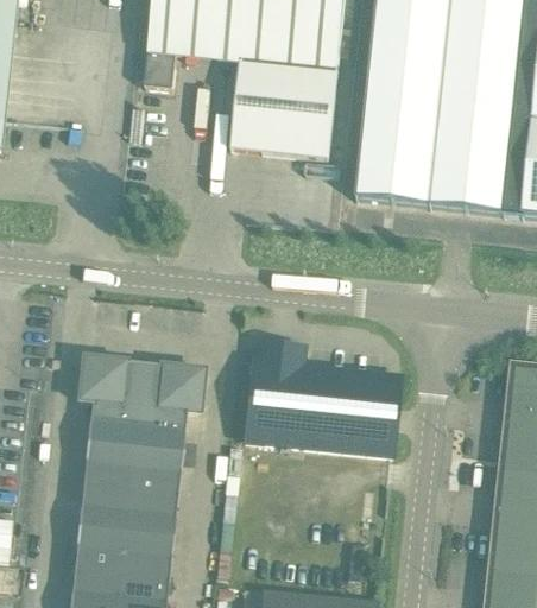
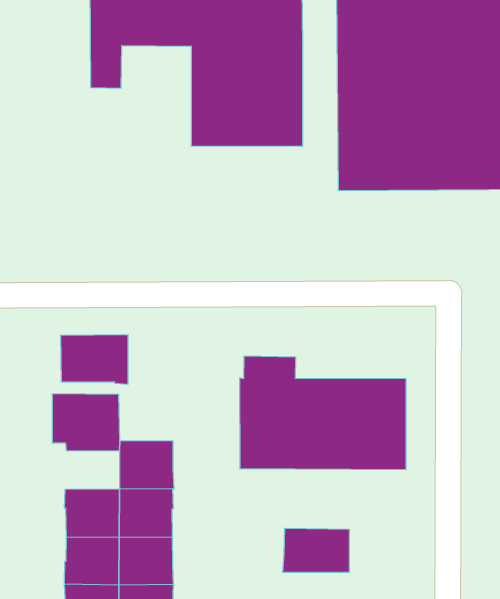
building: [138,365,202,414] -> [60,335,128,384]
building: [84,410,137,449] -> none
building: none -> [283,528,349,572]

